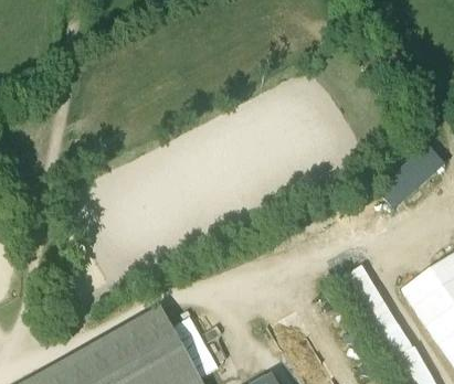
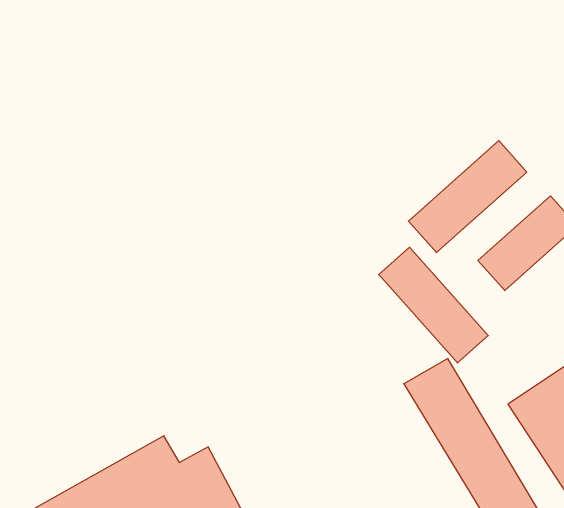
building: none -> [408,141,527,253]
building: none -> [379,247,488,363]

